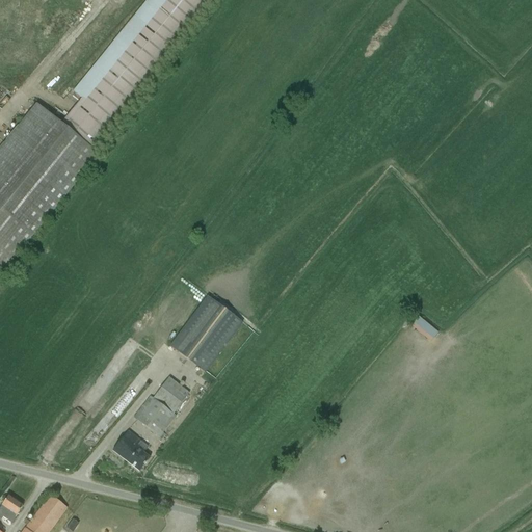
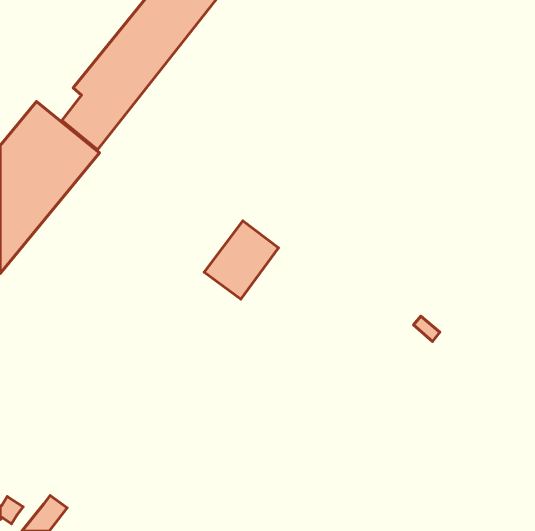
building: [168,293,242,371] -> [204,221,279,299]
building: [133,374,188,436] -> none
building: [112,428,150,469] -> none

